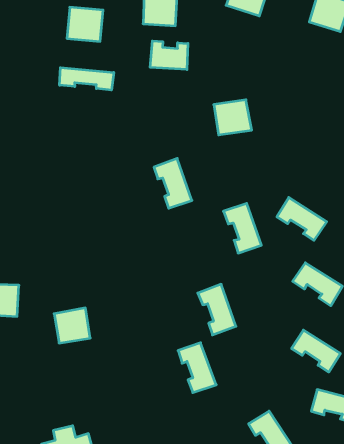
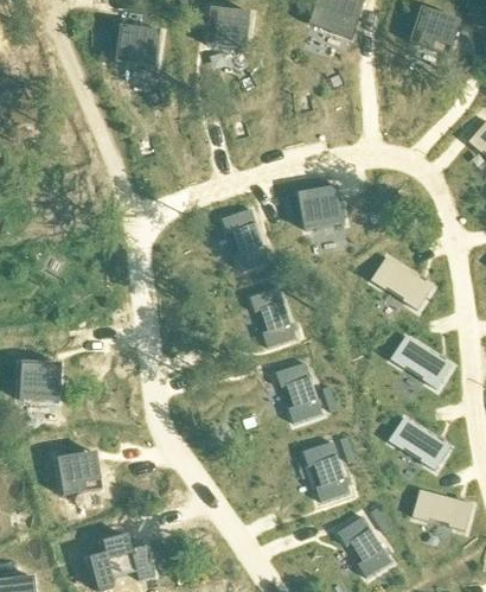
building: [150,41,188,70] -> none
building: [60,68,114,90] -> none
building: [214,100,252,135] -> [299,186,345,229]
building: [223,203,261,253] -> [249,287,295,348]
building: [54,308,90,343] -> [53,451,97,494]
building: [178,343,216,393] -> [303,441,350,502]

